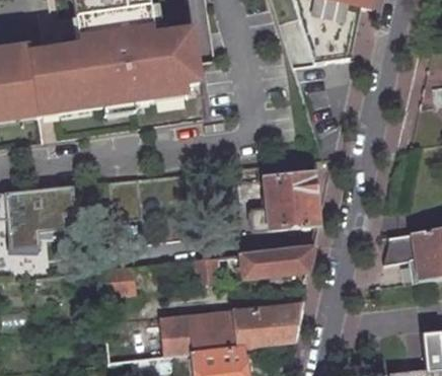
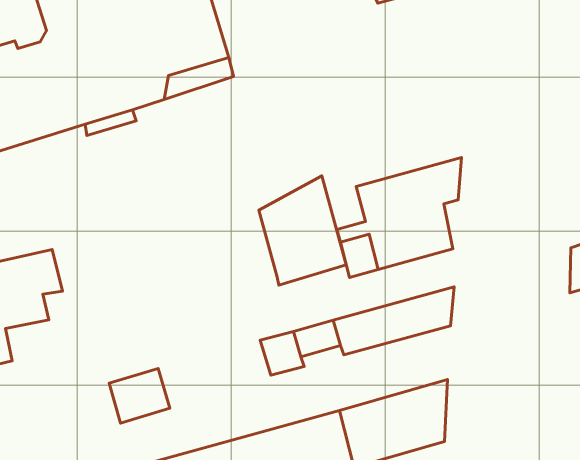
building: none -> [259,176,346,285]

